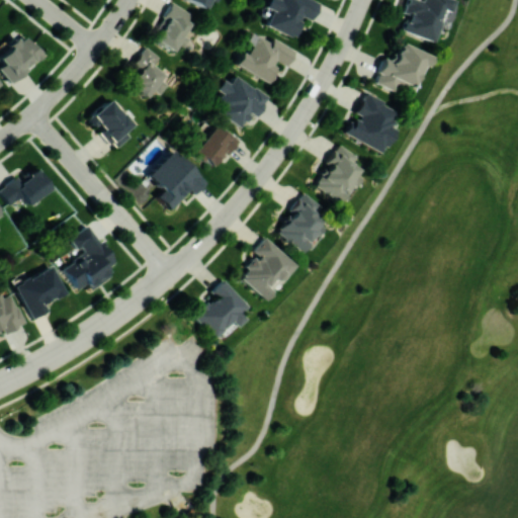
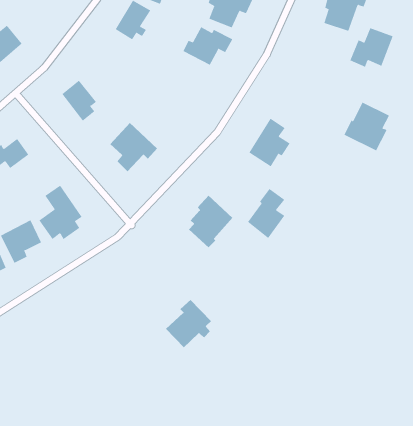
building: [376,44,429,91] -> [350,28,394,67]
building: [132,48,174,98] -> none
building: [215,76,270,127] -> none
building: [345,94,401,153] -> [343,102,390,151]
building: [193,122,241,168] -> none
building: [279,192,325,253] -> [247,188,285,239]
building: [195,280,251,339] -> [165,299,212,348]

